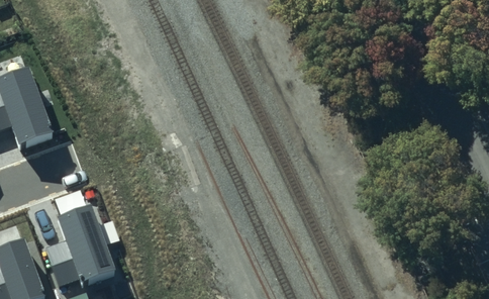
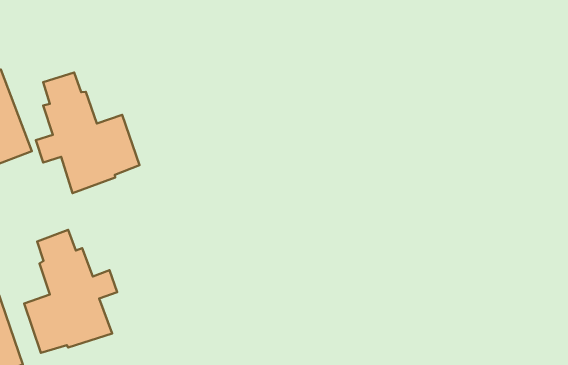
building: none -> [36,73,139,193]

